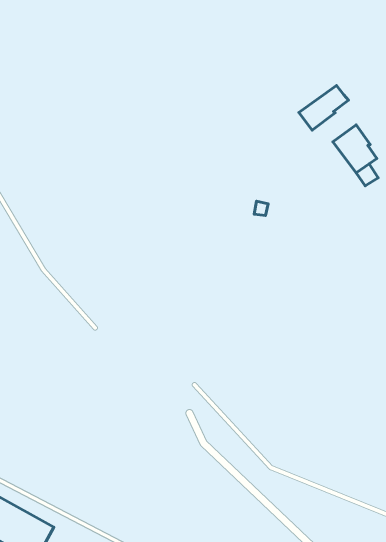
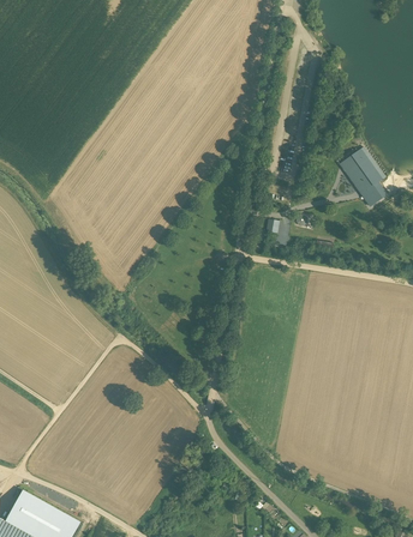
building: [299,85,349,130] -> none

